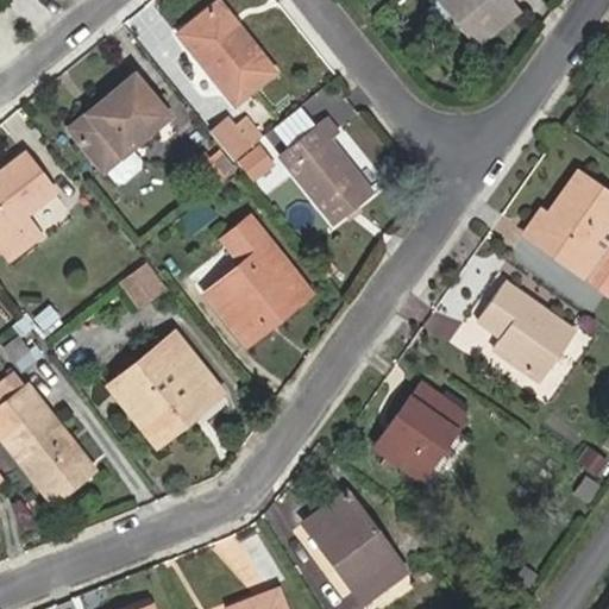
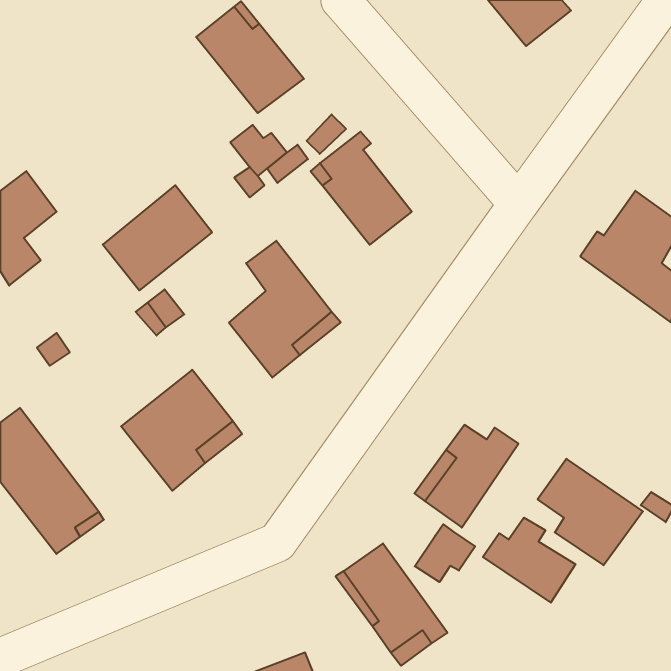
building: [70,75,169,170] -> [103,185,212,290]
building: [478,283,573,379] -> [538,459,643,565]
building: none -> [483,518,575,603]
building: none -> [415,524,475,582]

